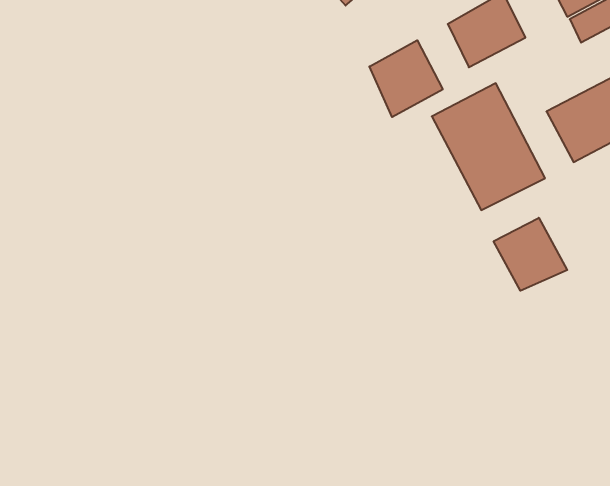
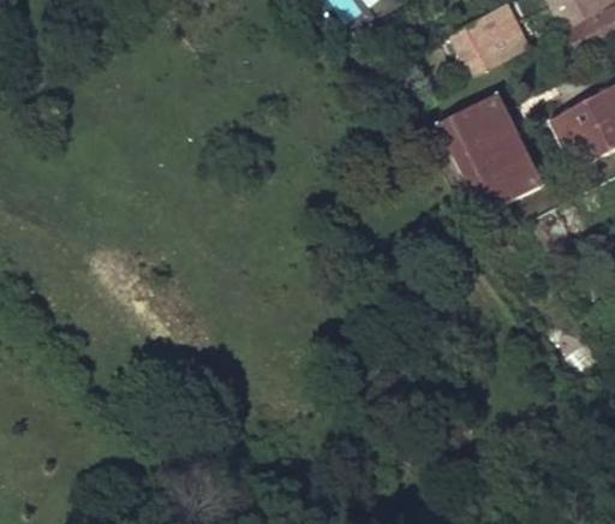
building: [369,40,443,117] -> none
building: [494,218,567,291] -> none

